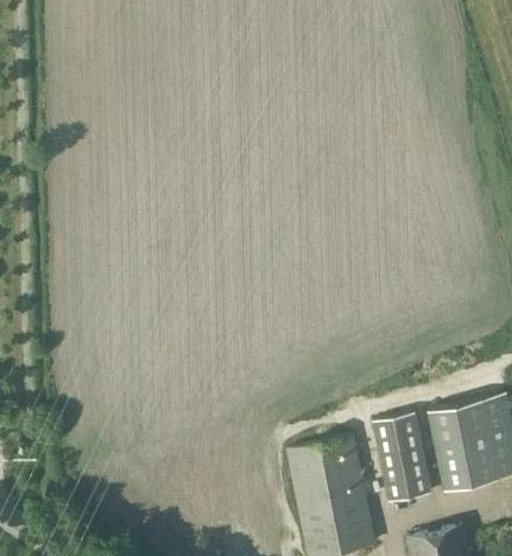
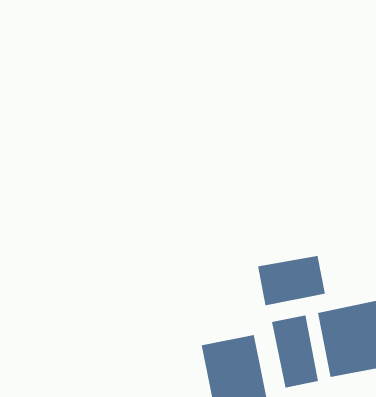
building: none -> [257,255,325,306]

